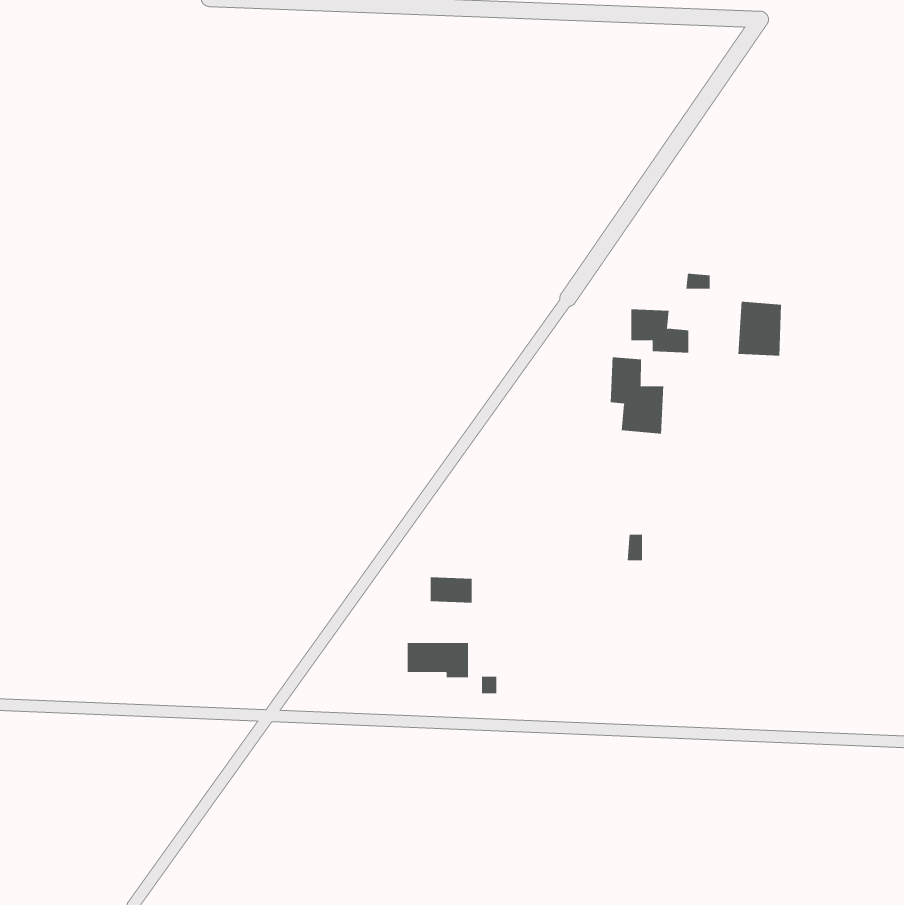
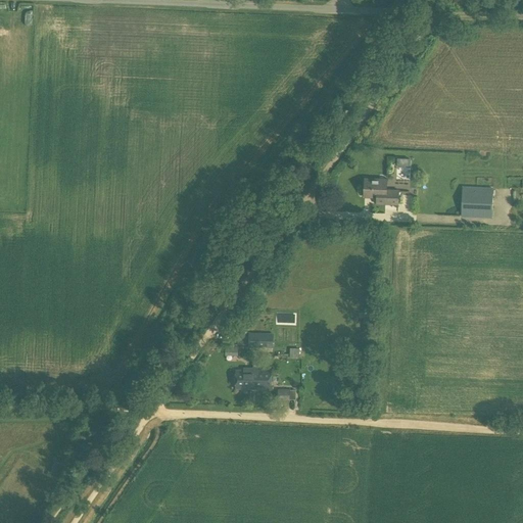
building: [737,301,782,356] -> [466,186,491,218]
building: [610,356,664,434] -> none

